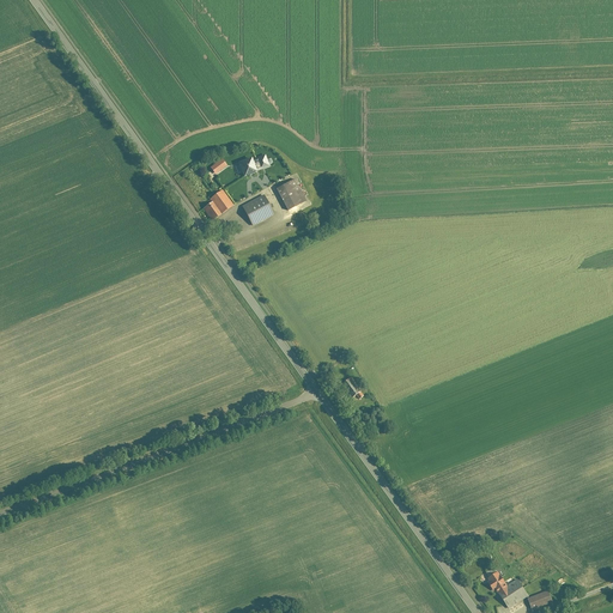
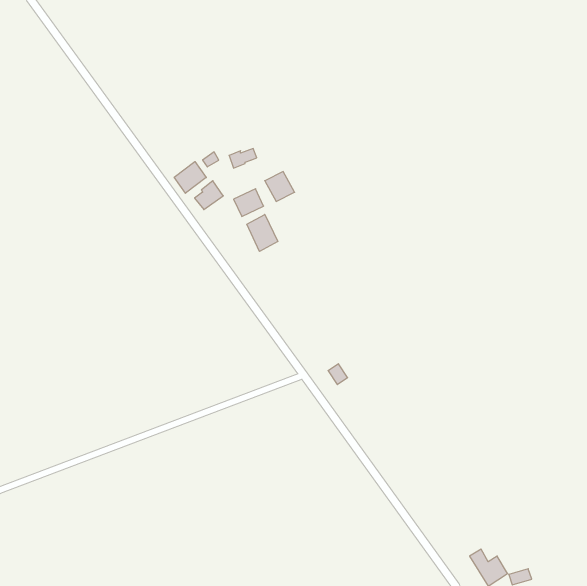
building: none -> [174,162,206,193]
building: none -> [247,214,278,251]

